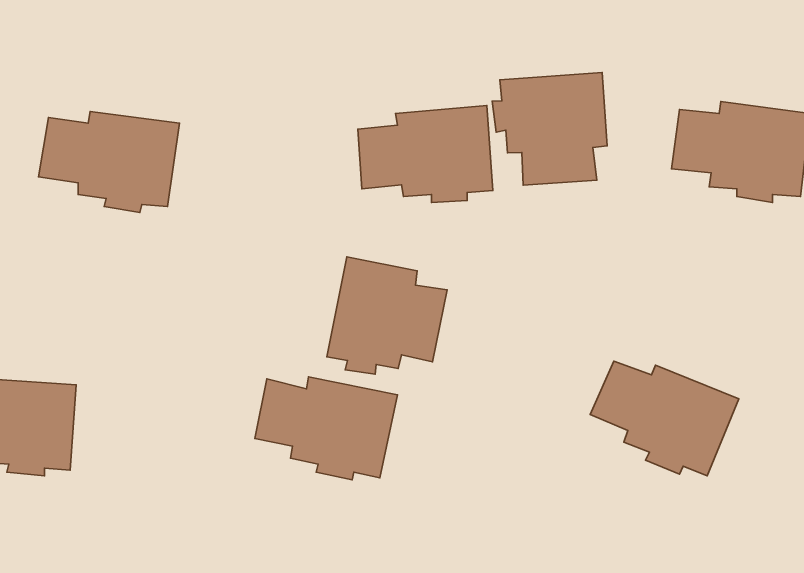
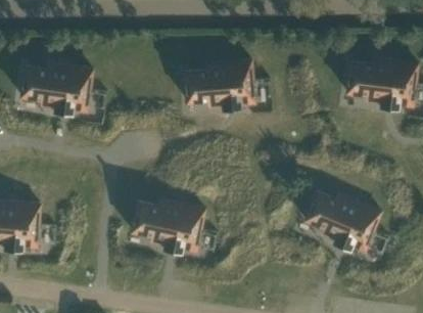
building: [492,73,607,185] -> none
building: [327,257,447,374] -> none

